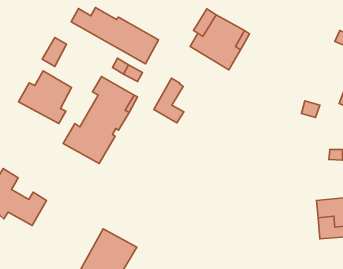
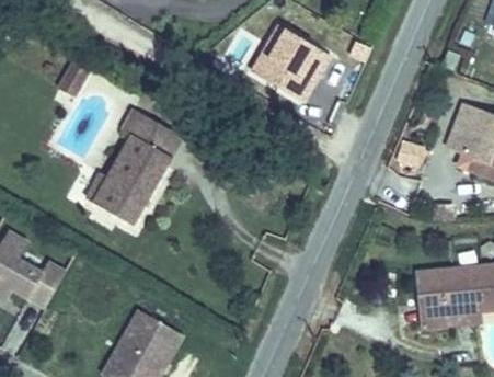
building: [71,8,158,64] -> none
building: [19,71,72,124] -> none
building: [154,78,184,123] -> none

